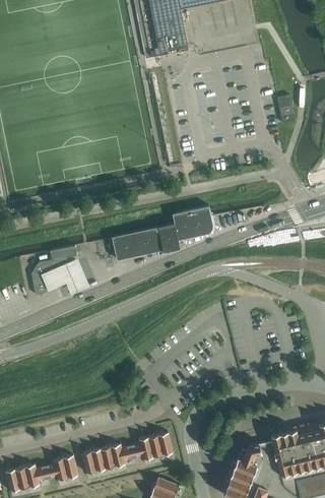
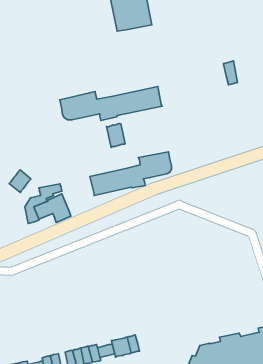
building: none -> [60,87,162,121]
building: none -> [107,124,125,147]
building: none -> [9,170,31,193]

